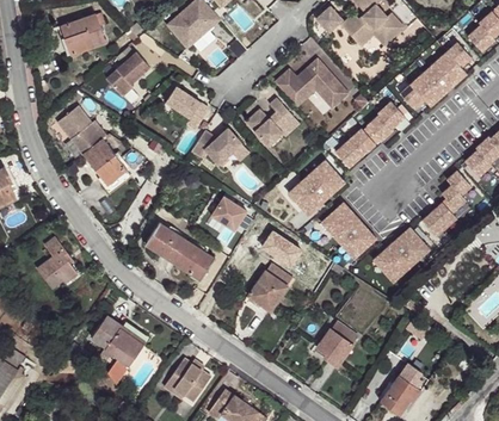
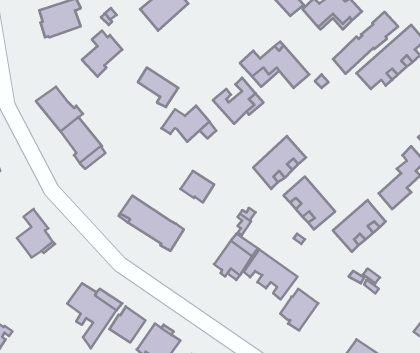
building: [335,100,405,166] -> [333,12,398,74]
building: none -> [244,249,297,299]
building: none -> [109,306,145,342]

